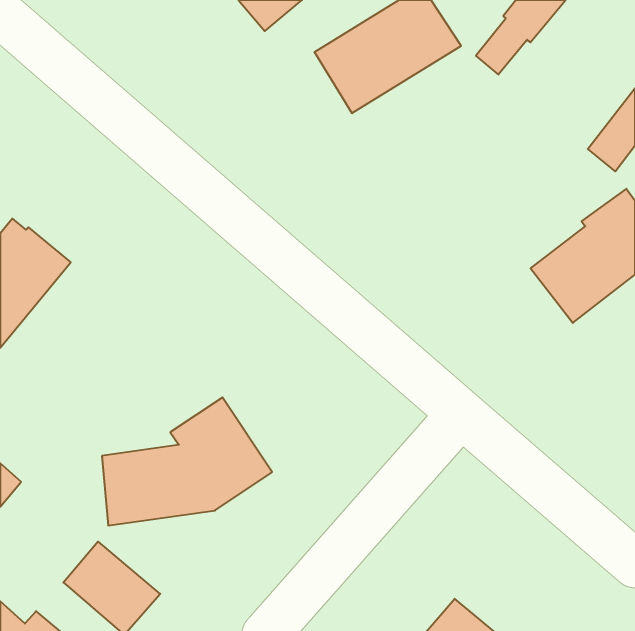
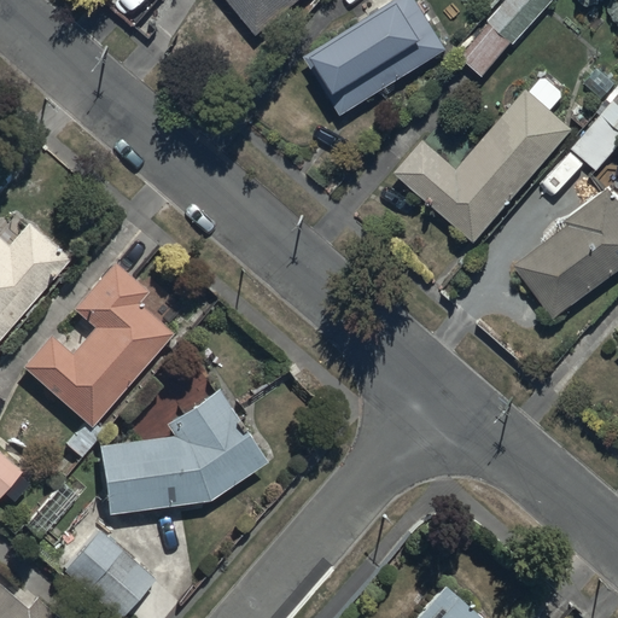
building: none -> [395,77,575,241]
building: none -> [23,263,170,426]

